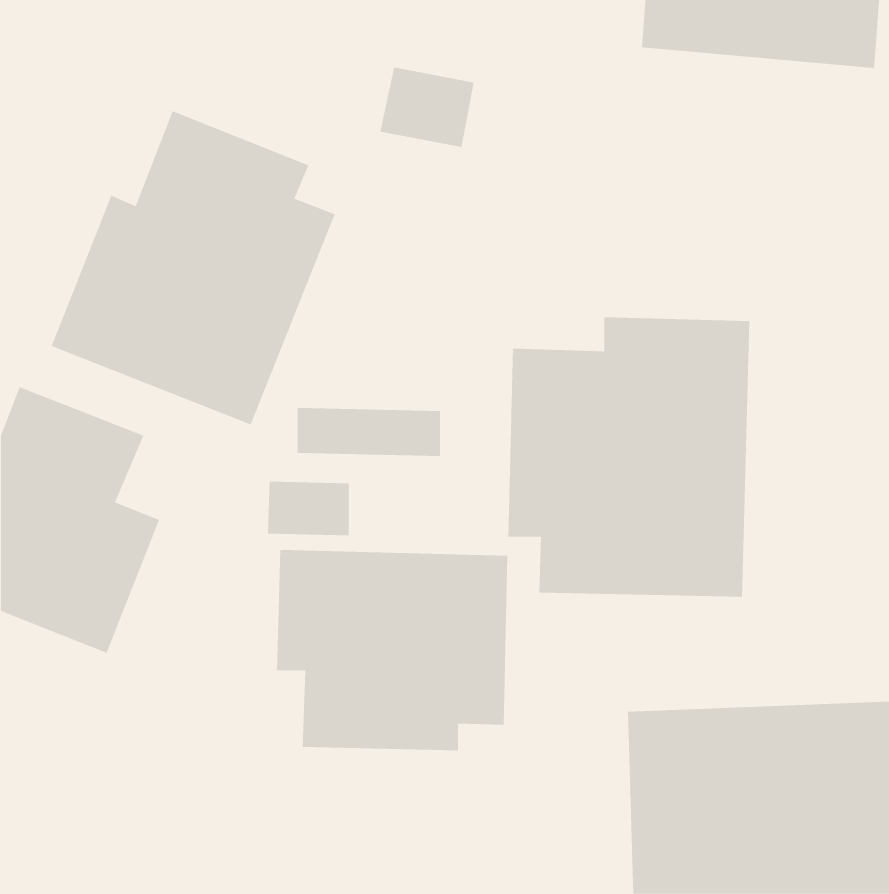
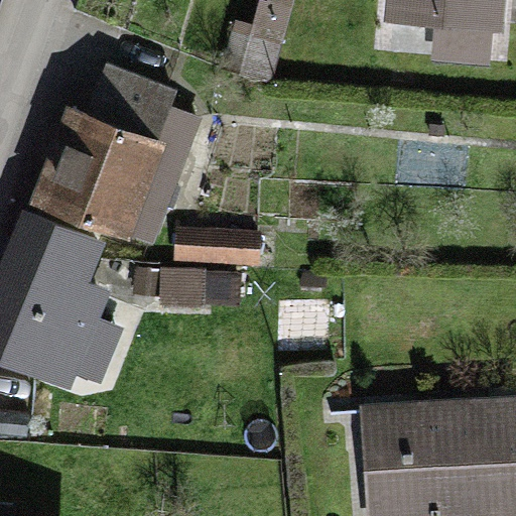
building: [508,317,750,597] -> none
building: [276,549,508,751] -> none

